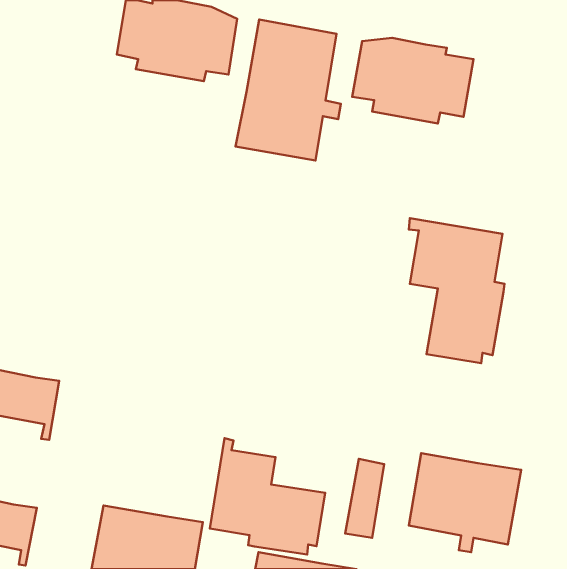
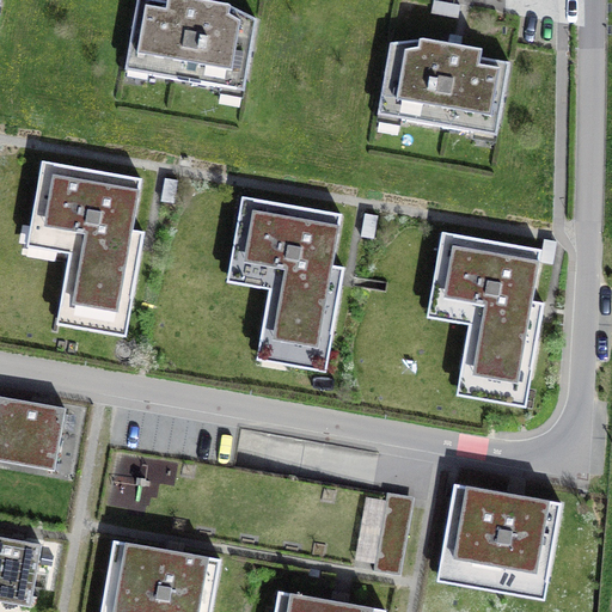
building: [236,20,341,160] -> none
building: none -> [38,164,141,318]
building: none -> [238,200,341,355]
building: [210,438,325,554] -> none

